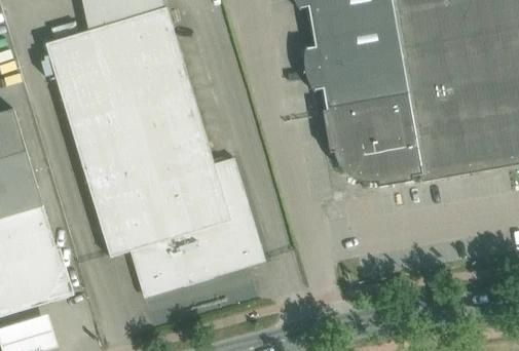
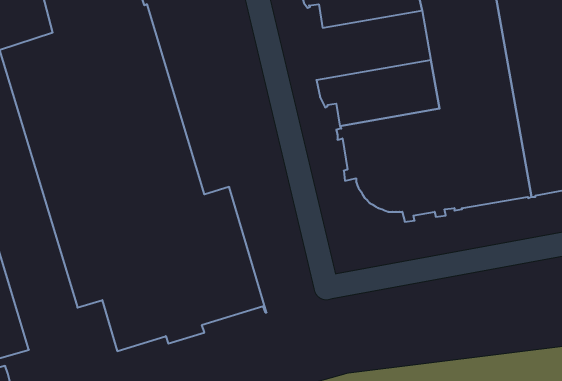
building: [304,13,401,71] -> none

